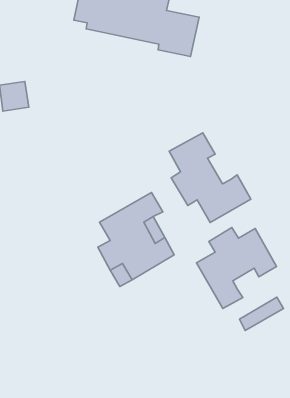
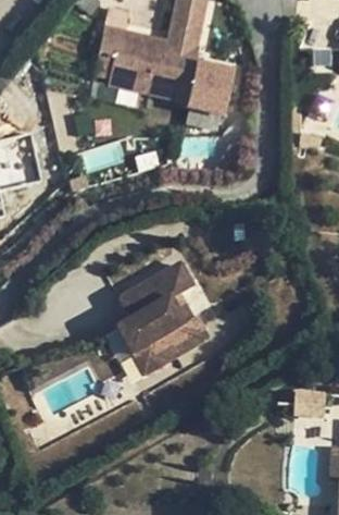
building: [169,133,251,222] -> none
building: [196,228,276,309] -> none

